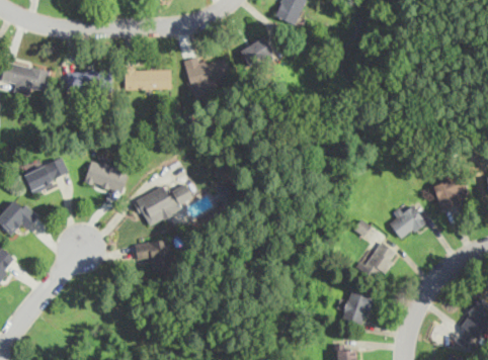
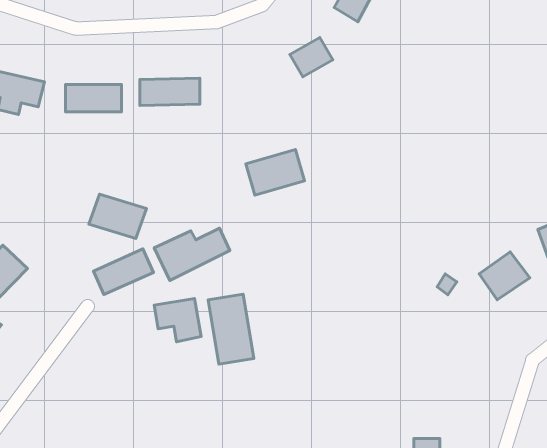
building: [185,56,231,91] -> [246,150,305,195]
building: [23,157,70,192] -> [93,249,153,295]
building: none -> [208,294,254,364]
building: [356,242,397,277] -> none
building: [340,284,374,325] -> none

